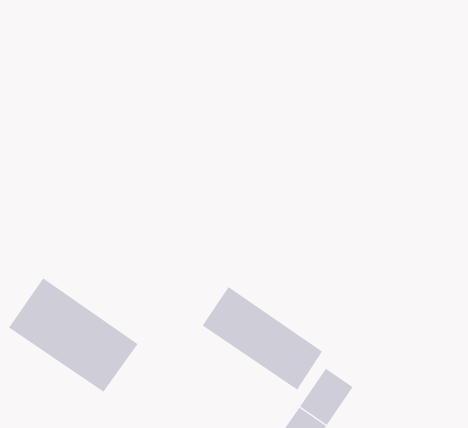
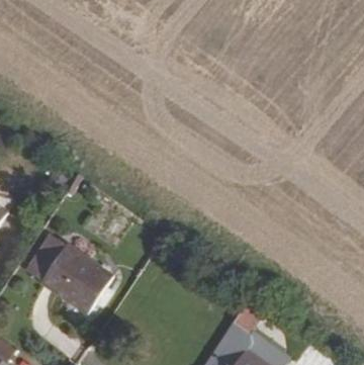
building: [202,286,323,390] -> none

